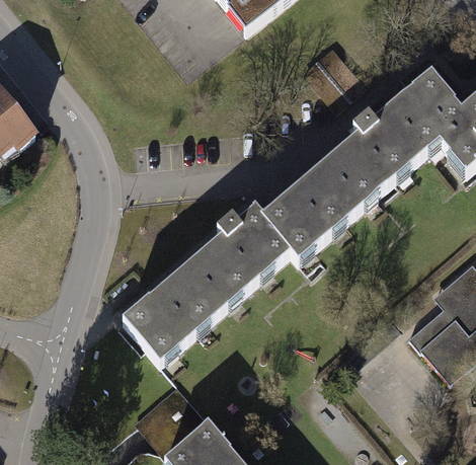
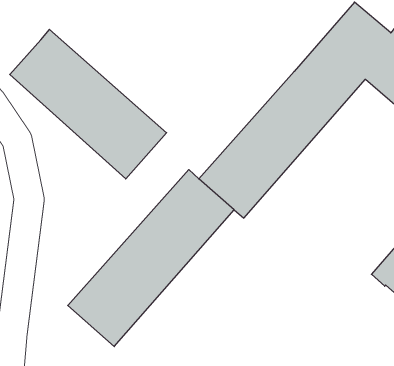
building: none -> [10,29,167,179]

